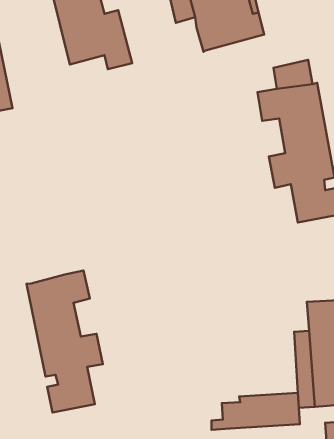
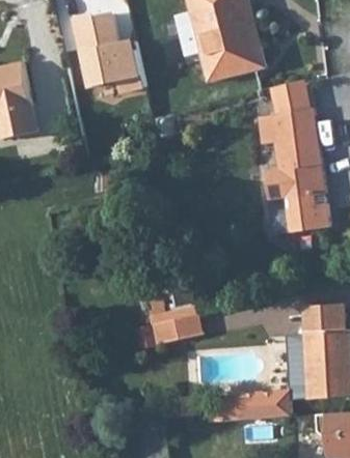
building: [27,271,103,413] -> none
building: none -> [153,314,203,343]

